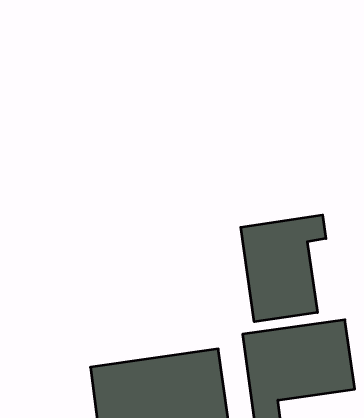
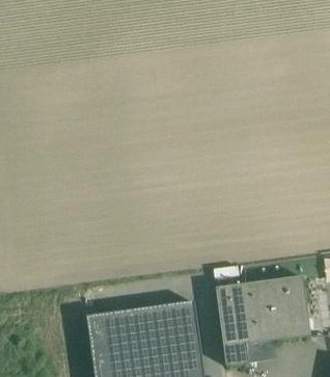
building: [241,215,326,322] -> none

